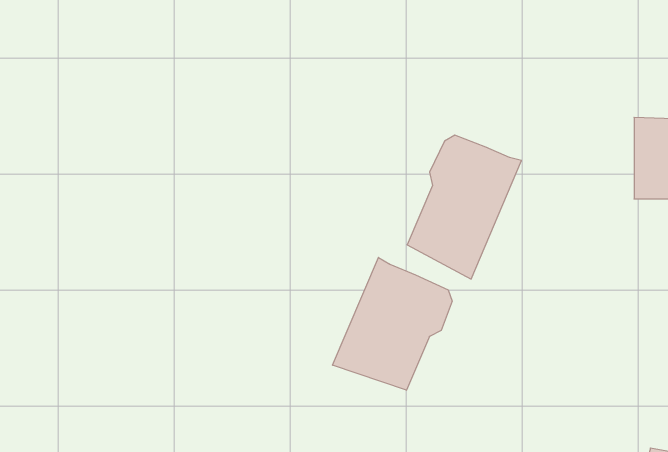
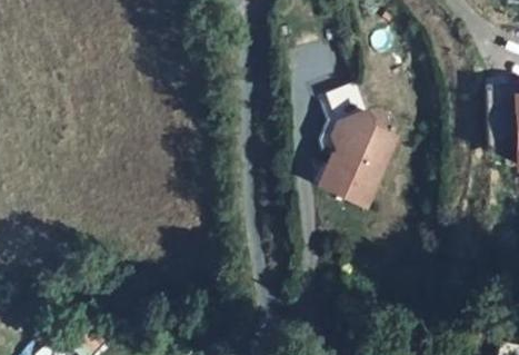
building: [333,257,452,390] -> none

